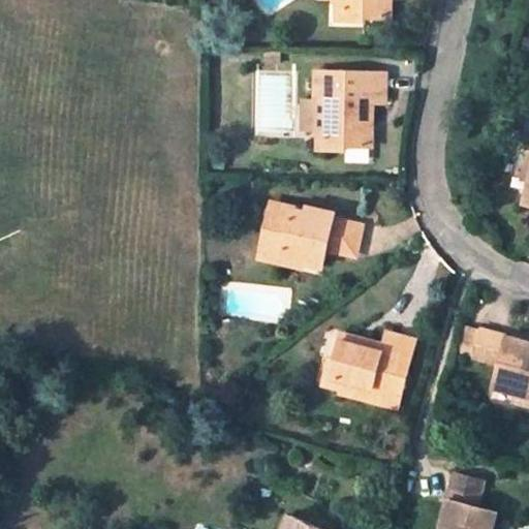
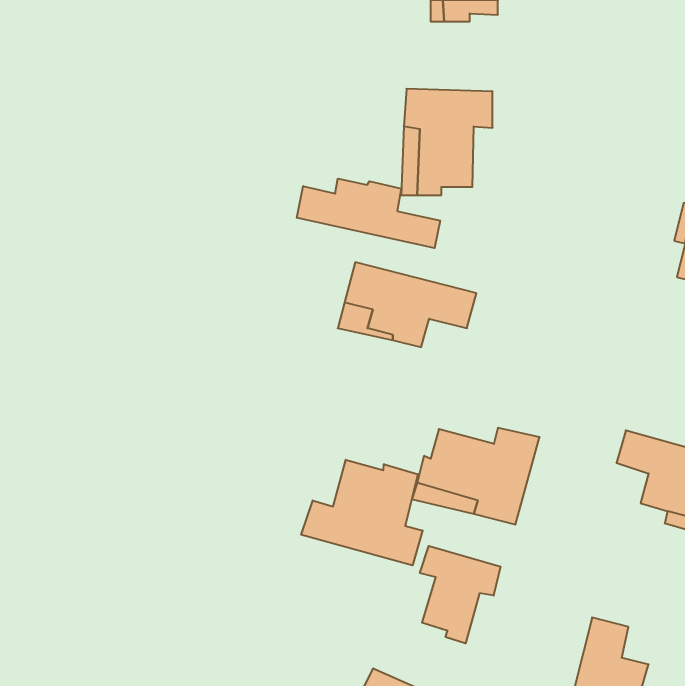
building: none -> [297,179,440,248]
building: none -> [301,460,423,565]
building: none -> [420,546,501,643]

